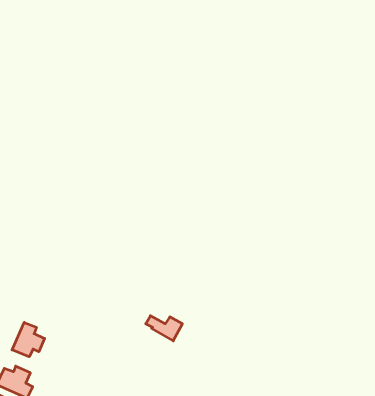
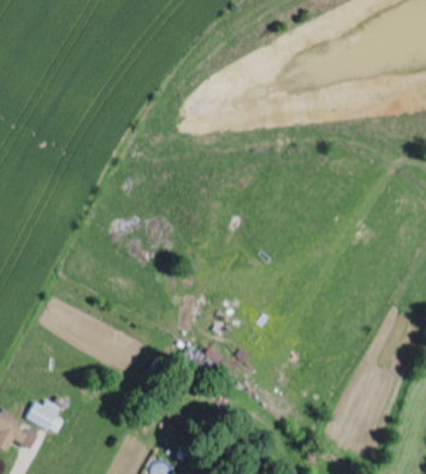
building: [12,322,45,357] -> none

